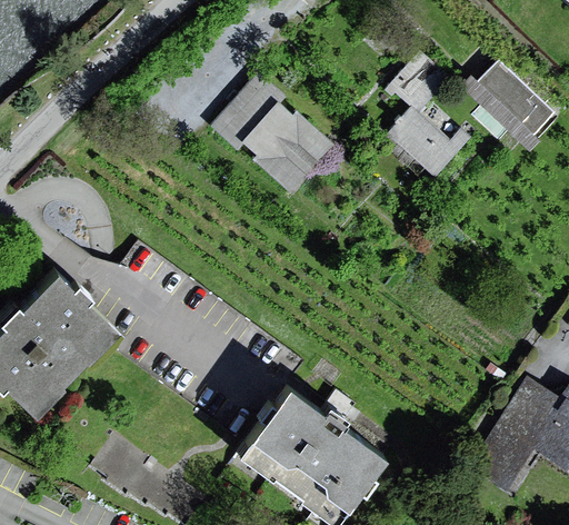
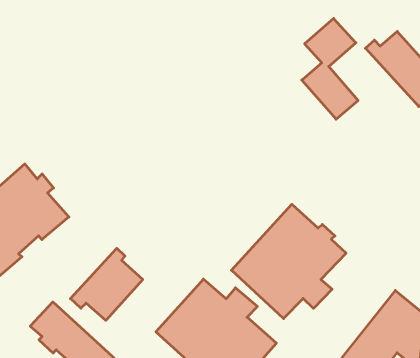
building: [209,75,336,197] -> none
building: none -> [231,204,346,319]
building: none -> [70,248,143,320]

